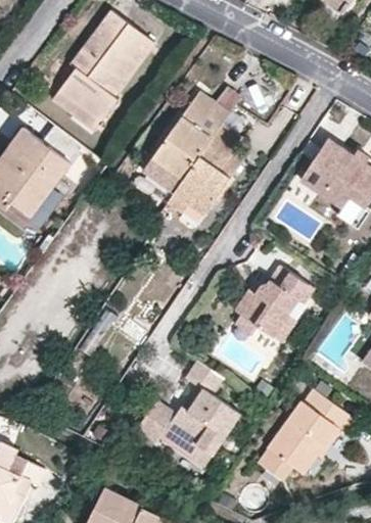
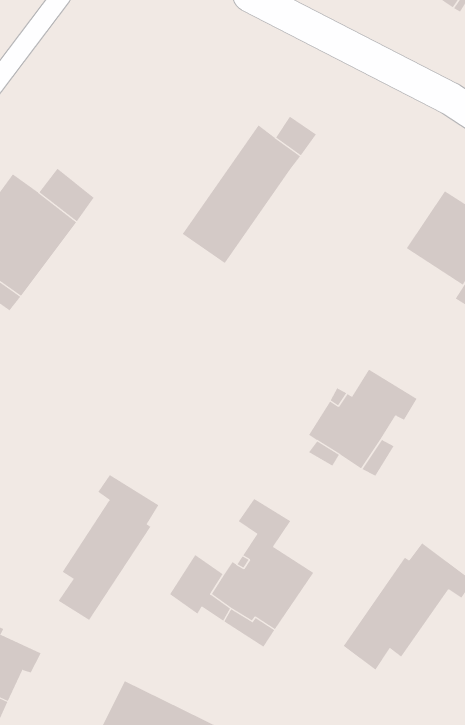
building: [52,11,154,130] -> none
building: [174,125,244,213] -> none
building: none -> [58,474,159,621]

